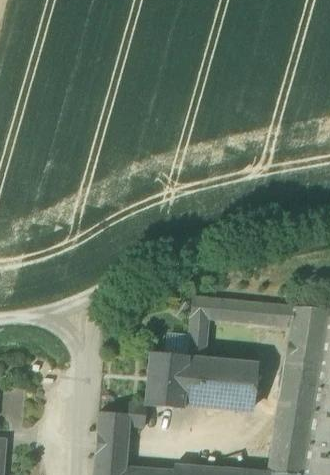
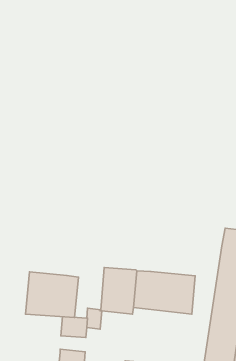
building: [188,297,295,358] -> none
building: none -> [25,272,79,317]
building: [97,435,128,454] -> none

